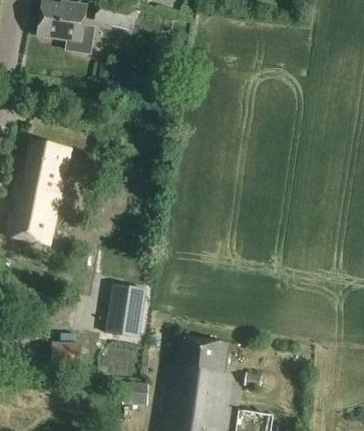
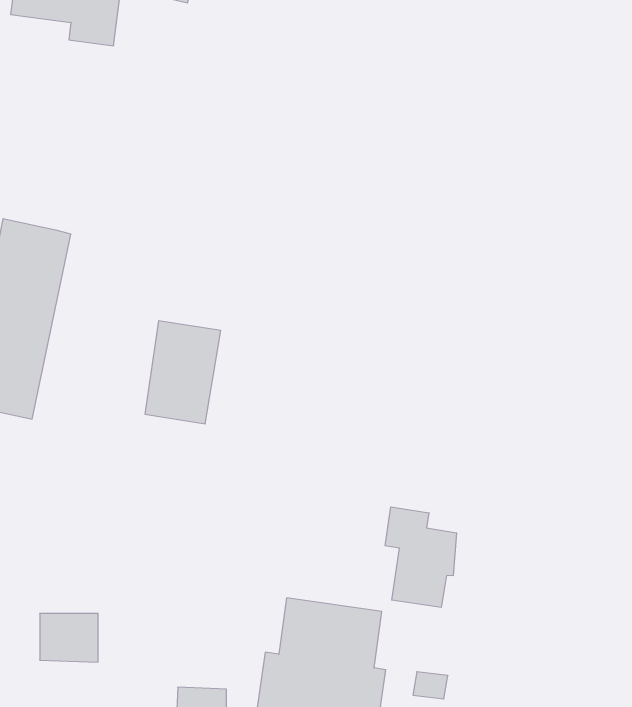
building: [107,285,146,338] -> [145,321,221,424]
building: none -> [385,507,457,607]

